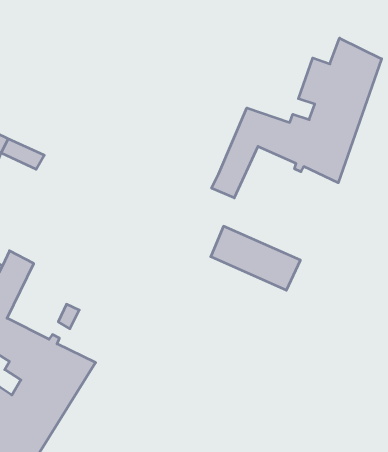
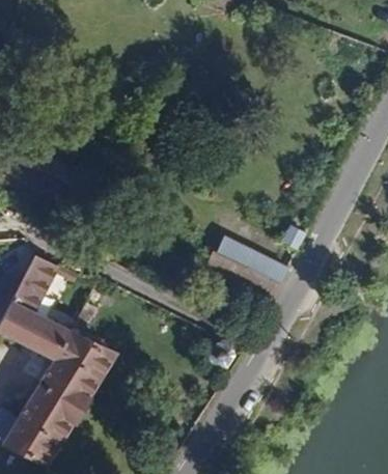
building: [212,38,382,198] -> none

